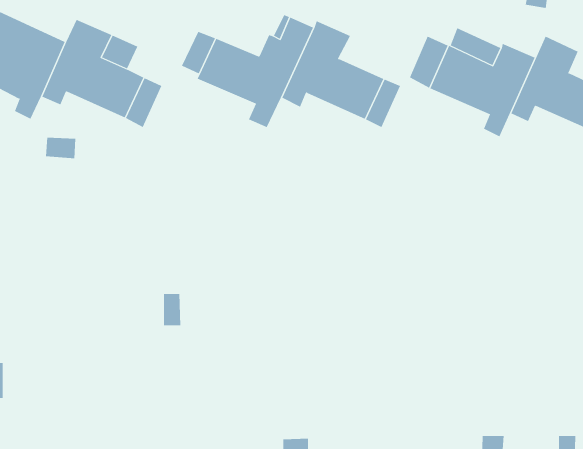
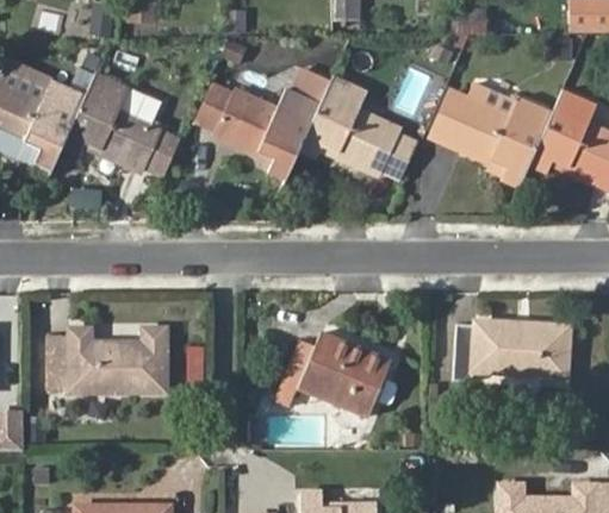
building: none -> [453,325,571,387]
building: none -> [48,326,168,390]
building: none -> [274,332,392,418]

